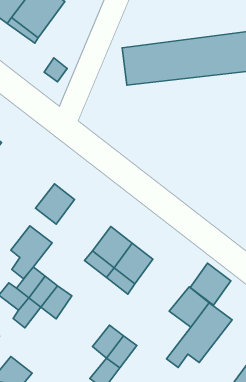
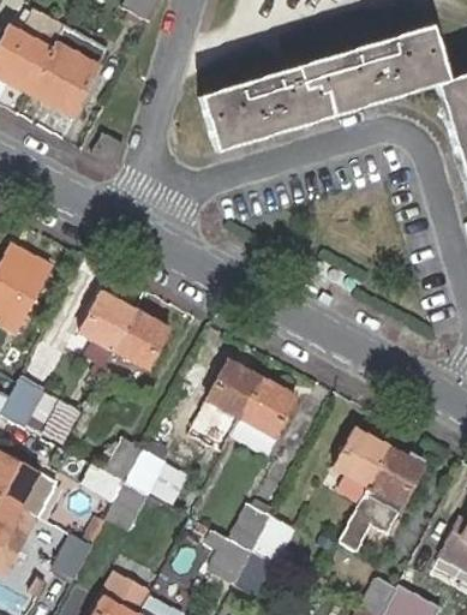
building: [11,226,52,279] -> [78,292,136,370]
building: [190,263,231,305] -> none
building: none -> [204,527,252,584]

